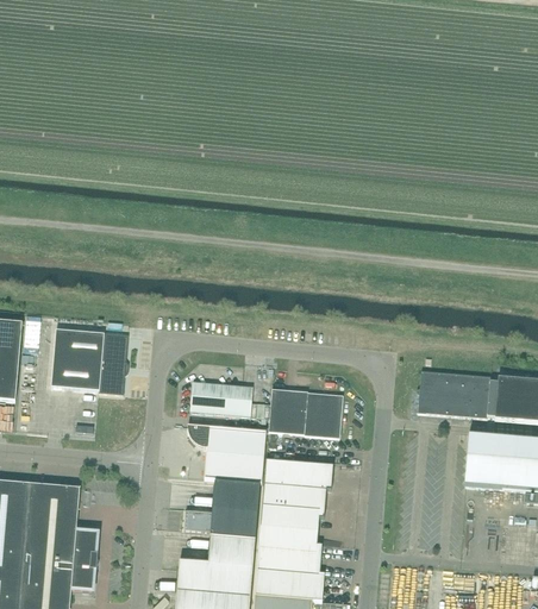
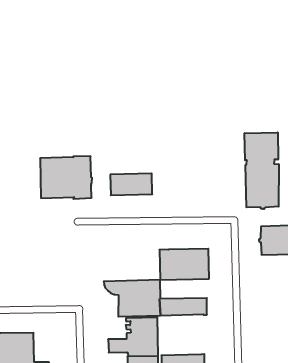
building: none -> [245,132,279,209]
building: [51,328,129,393] -> [40,156,92,199]
building: [190,381,252,415] -> [110,173,152,195]
building: [259,482,326,544] -> none

